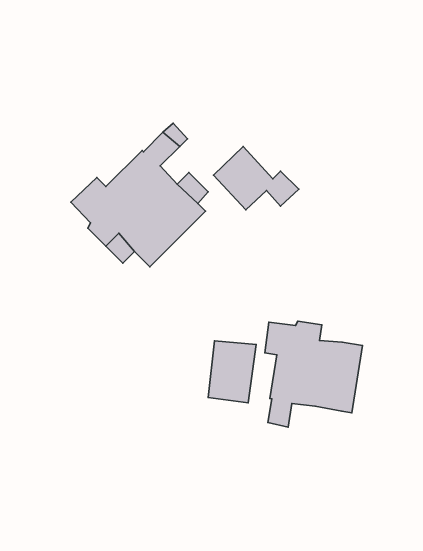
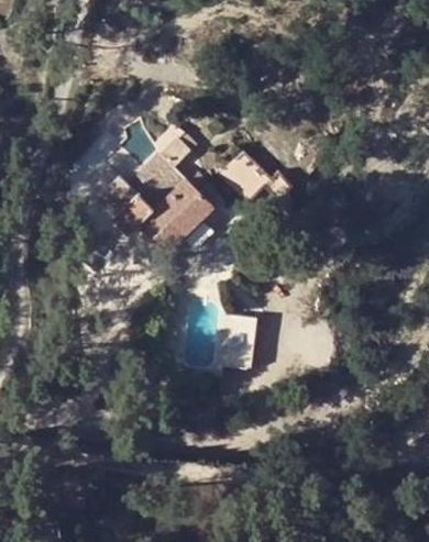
building: [265,321,363,427] -> none

